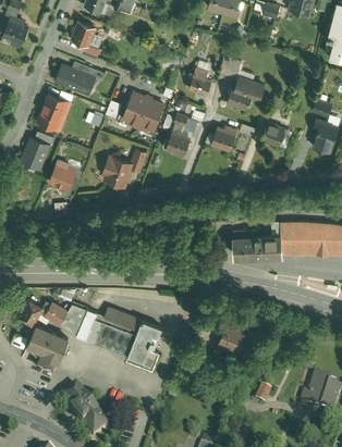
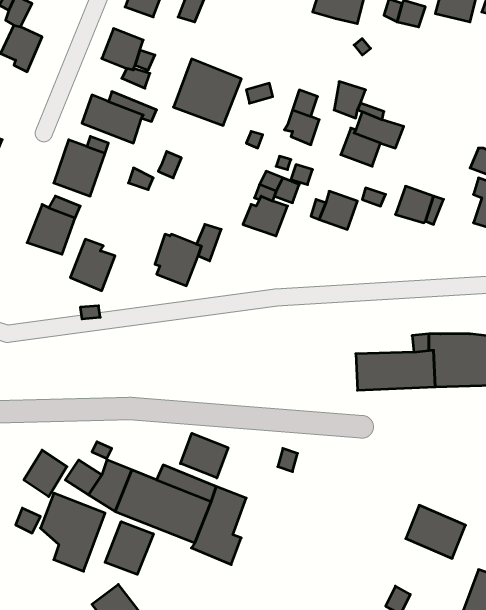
building: [121,89,166,133] -> [173,59,241,125]
building: none -> [180,433,228,478]
building: [219,323,258,358] -> [406,505,466,558]
building: none -> [105,522,153,574]

